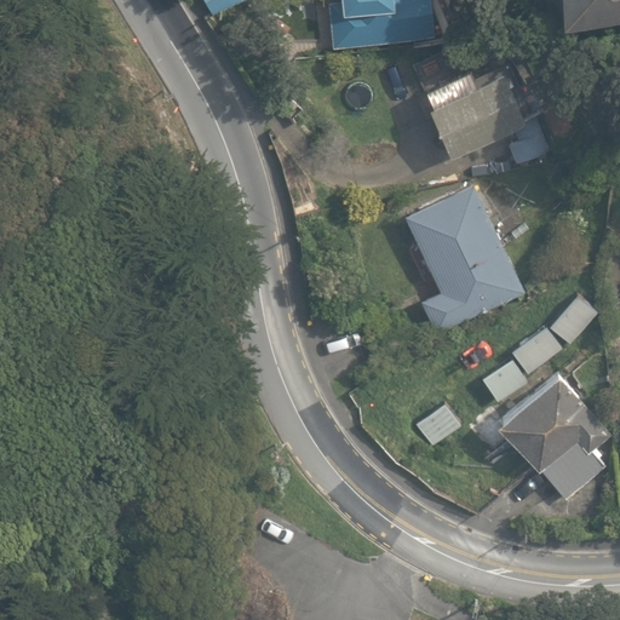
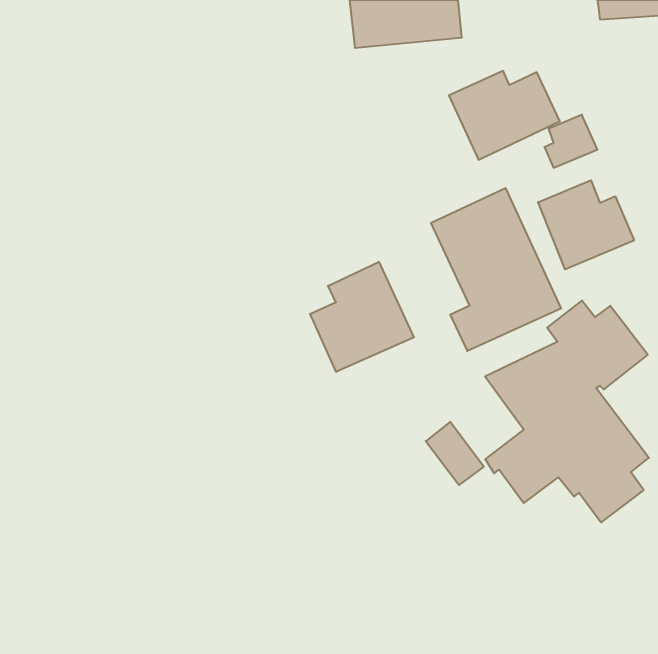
building: none -> [538,180,634,269]
building: none -> [310,262,414,372]

